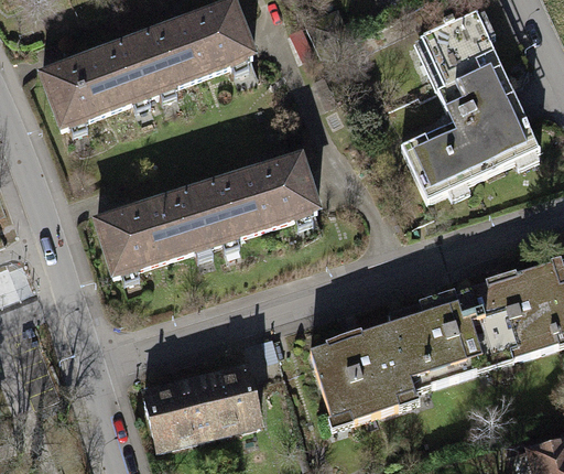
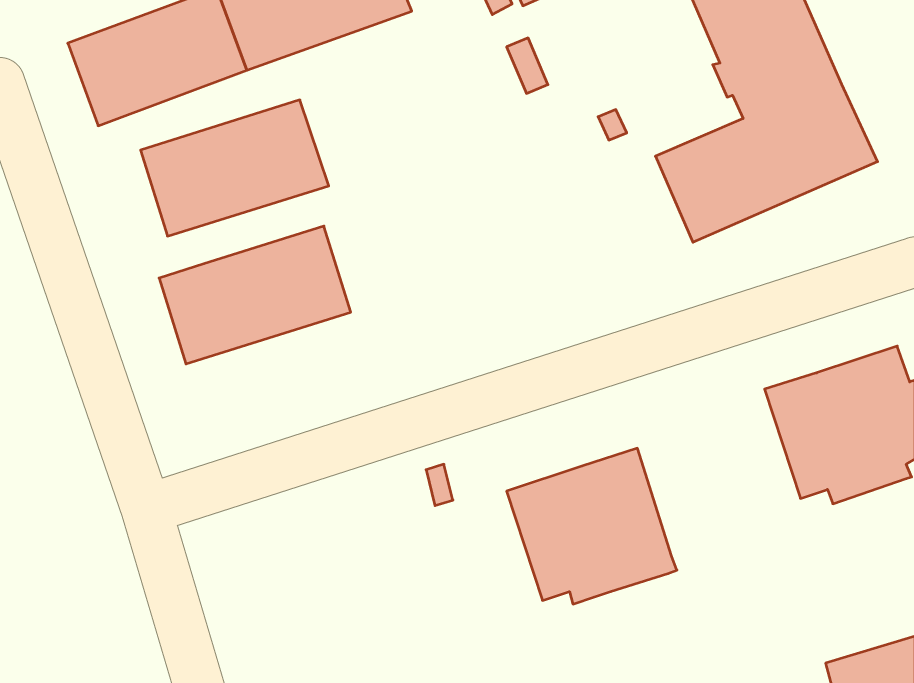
building: [199,157,315,240] -> [141,100,329,236]
building: [389,288,492,390] -> none
building: [139,369,256,448] -> none

